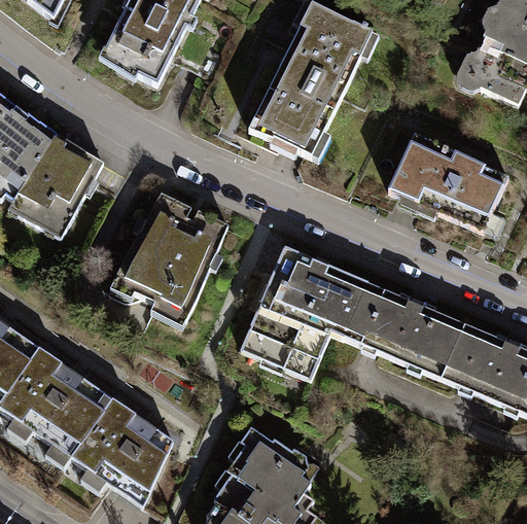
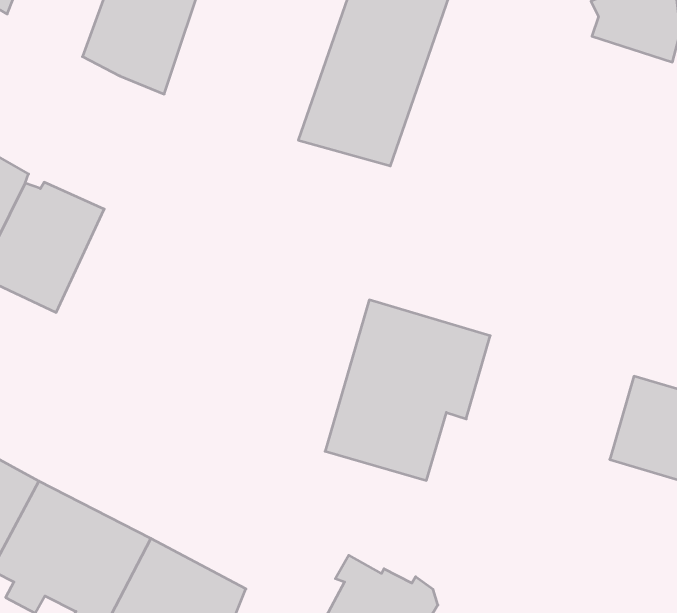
building: [389,134,508,233] -> none
building: [113,194,230,321] -> none
building: [344,284,465,381] -> none

